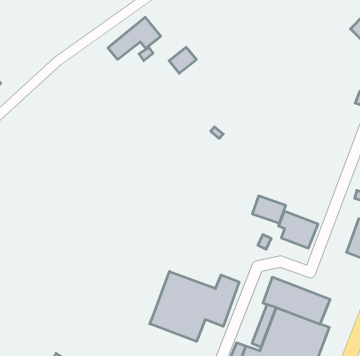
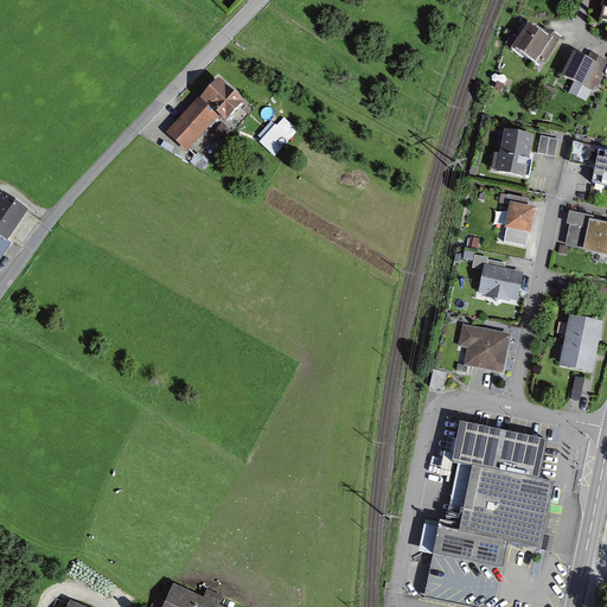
building: none -> [490,127,531,178]
building: none -> [499,200,532,231]
building: [252,196,286,223] -> [477,266,523,300]
building: [150,271,239,341] -> none

